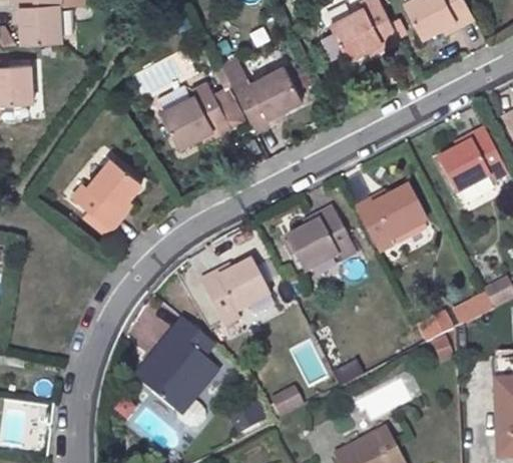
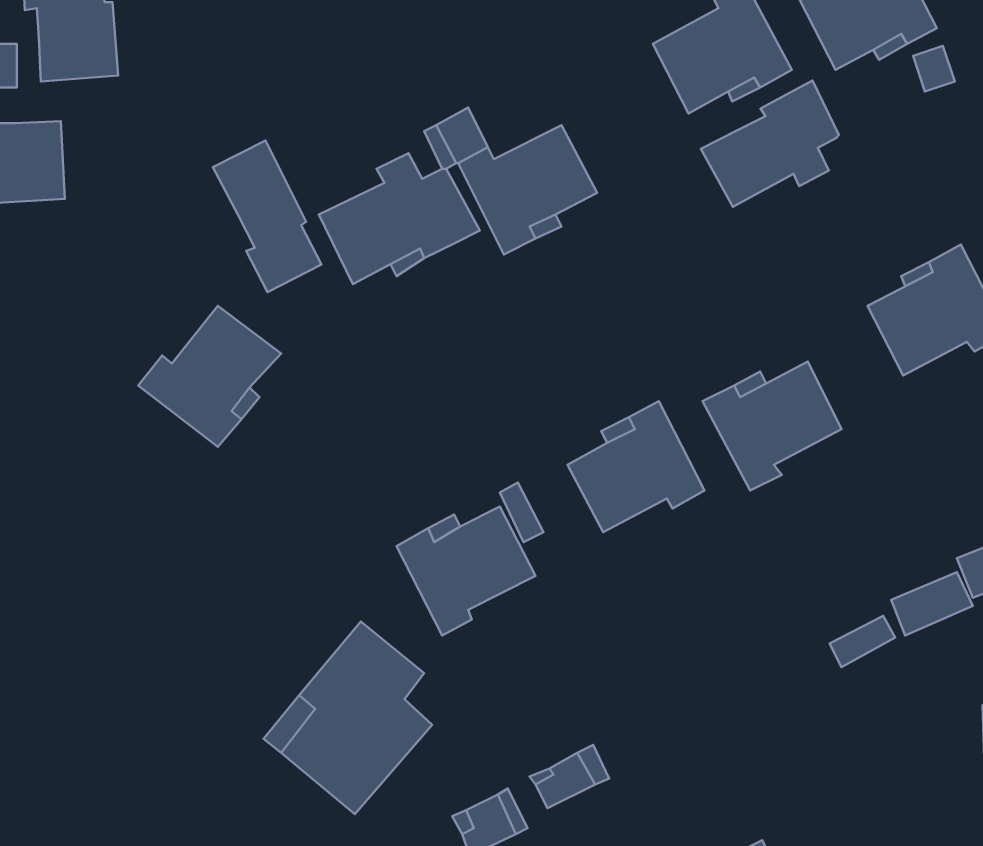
building: none -> [701,81,839,207]
building: none -> [213,141,322,292]

